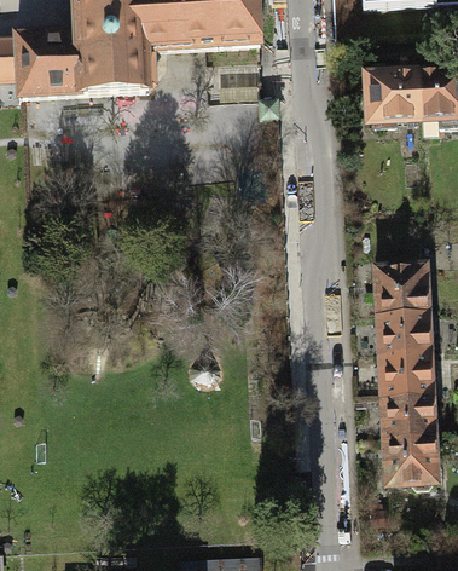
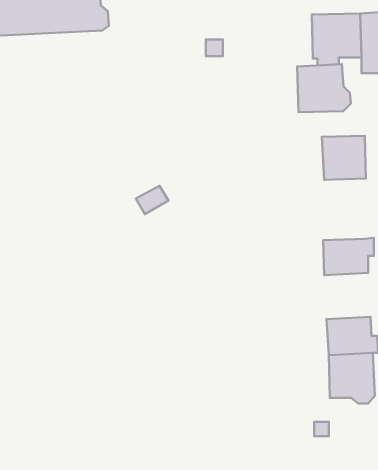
building: none -> [297,64,351,112]
building: [381,267,428,315] -> [322,136,366,180]
building: [384,350,434,399] -> none

